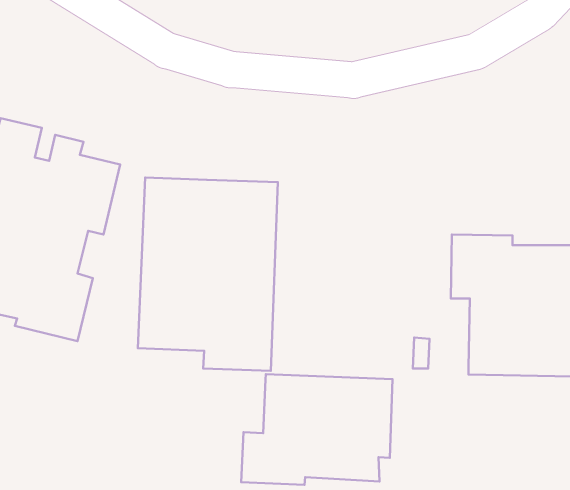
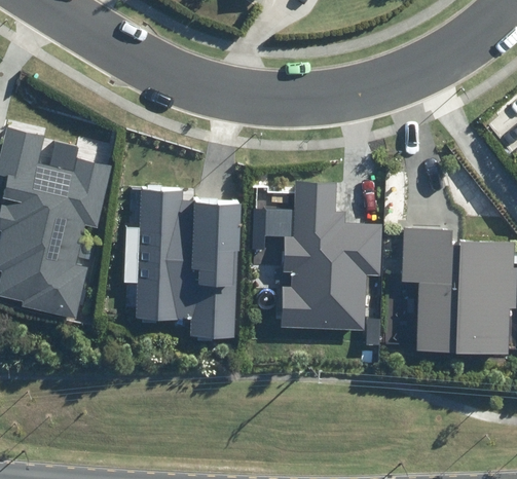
building: none -> [263,181,380,331]
building: [241,374,392,485] -> none

